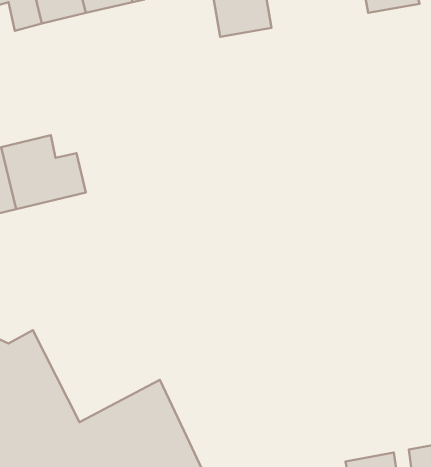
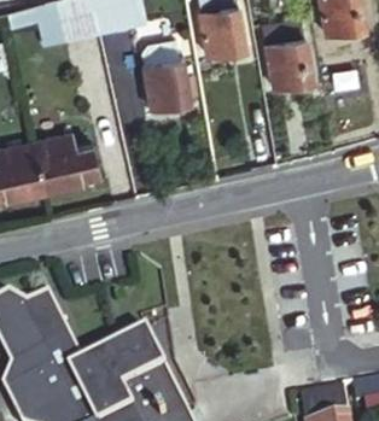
building: none -> [263,35,309,86]
building: none -> [135,39,186,106]

